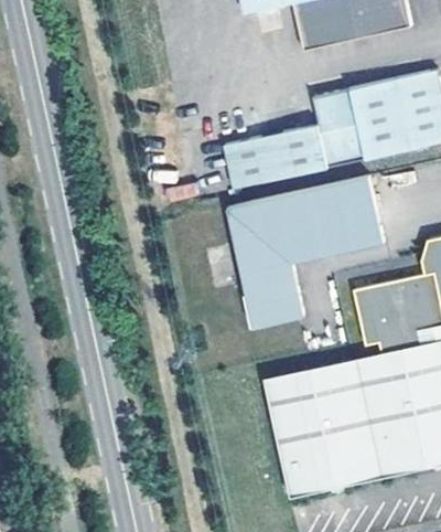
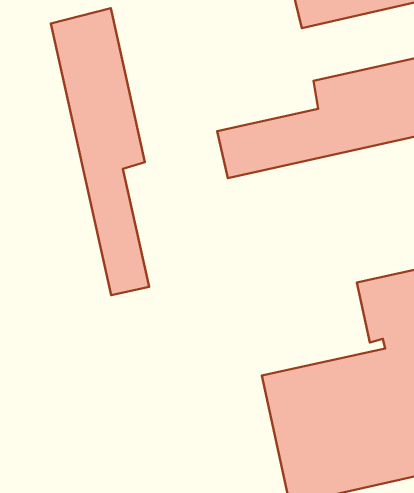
building: none -> [51,8,149,295]
building: [227,174,384,326] -> none

